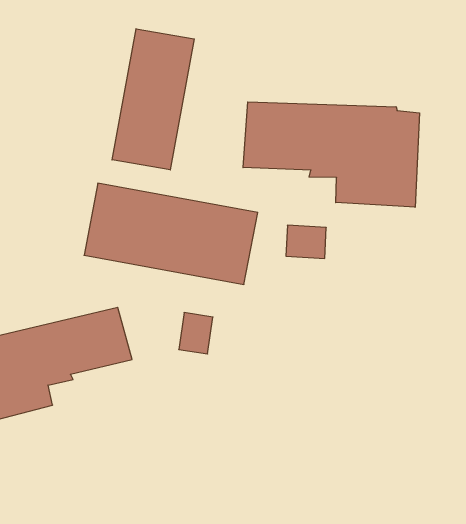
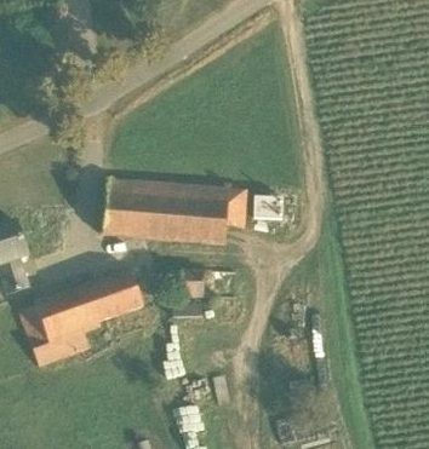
building: [112,29,194,170] -> none
building: [243,102,419,207] -> none

